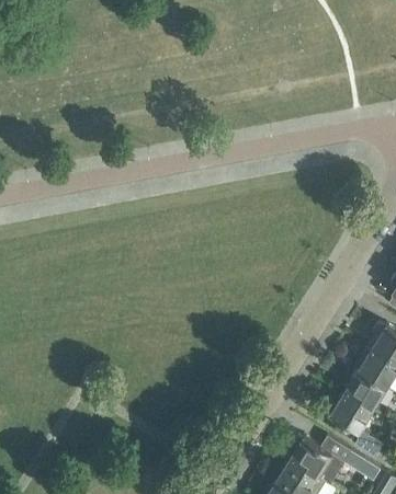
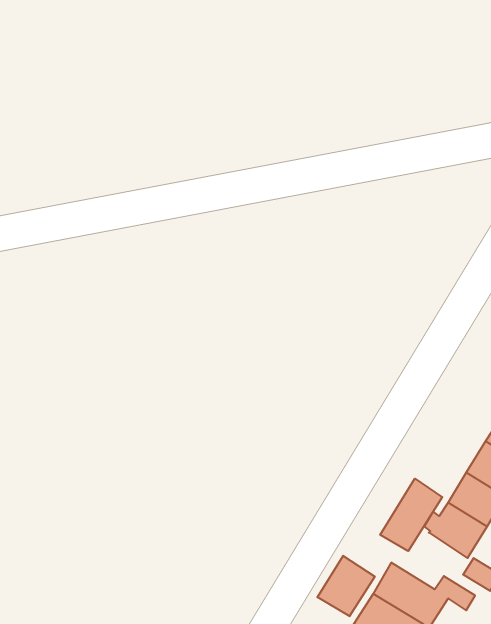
building: none -> [380,479,442,551]
building: none -> [317,556,375,616]

